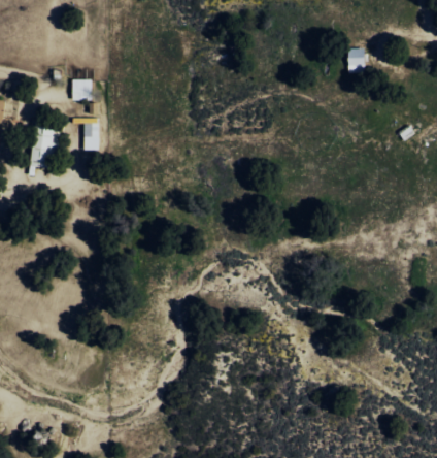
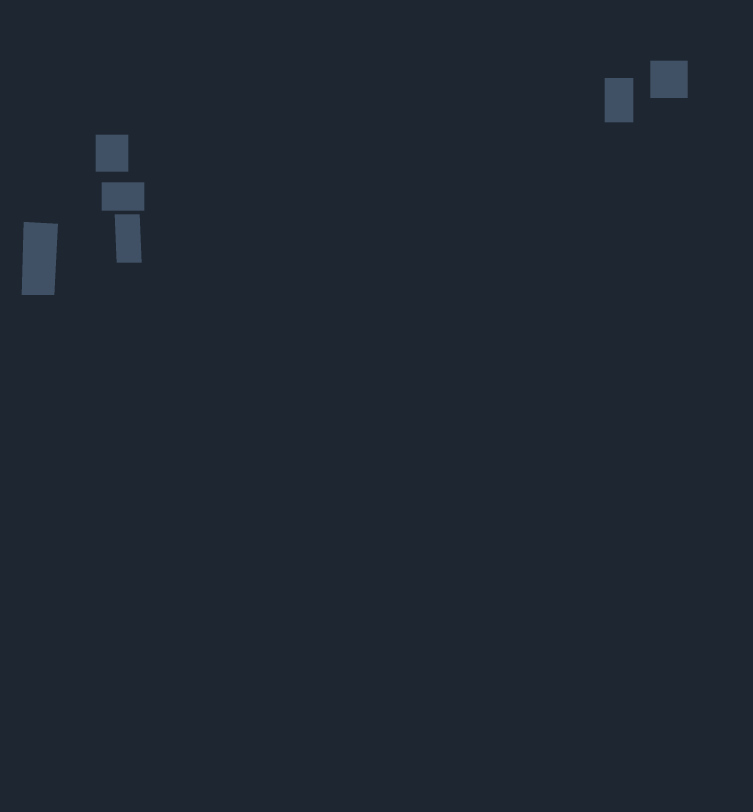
building: none -> [650,60,688,99]
building: none -> [101,181,145,212]

